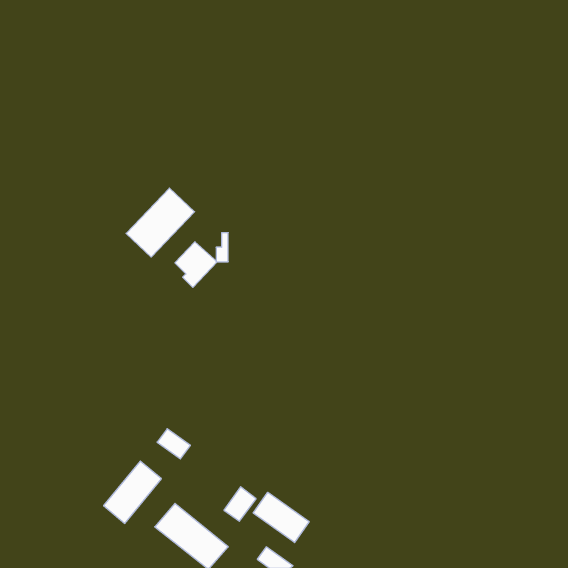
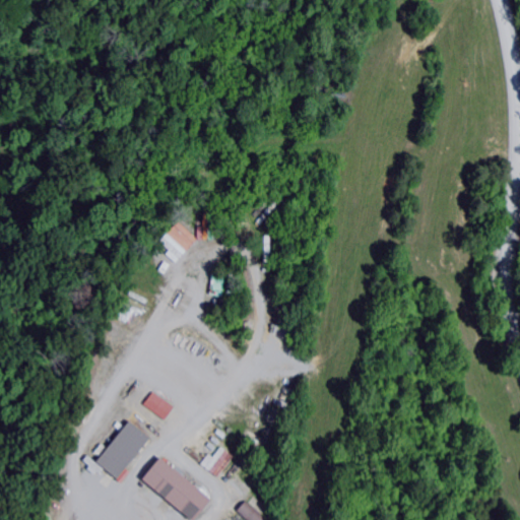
building: [126,188,195,257] -> none
building: [253,492,309,543] -> none

